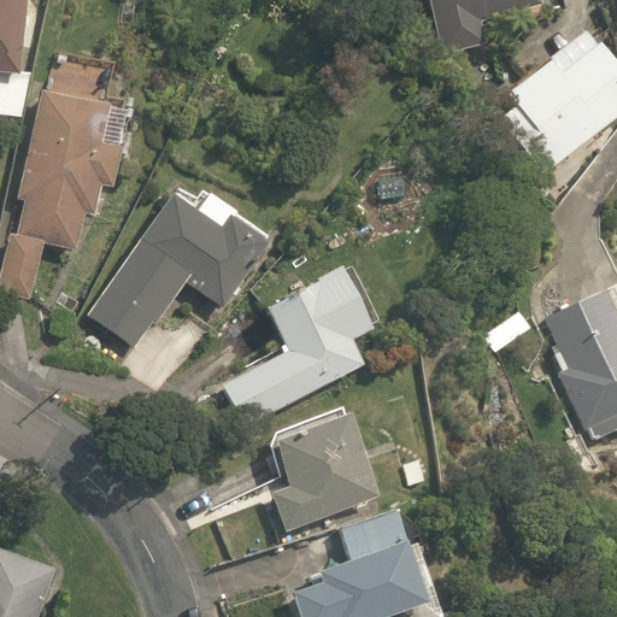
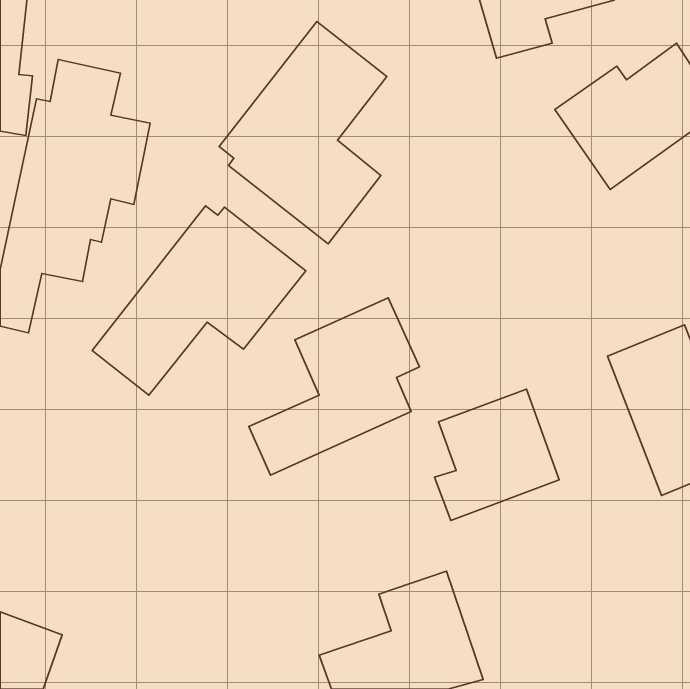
building: none -> [219,22,387,244]
building: [268,416,378,533] -> [435,389,559,521]

